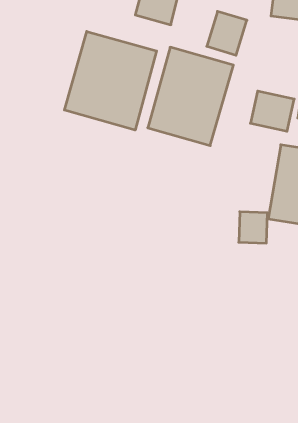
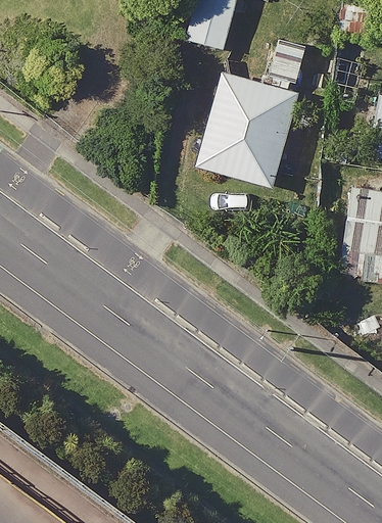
building: [64,31,157,130] -> none

